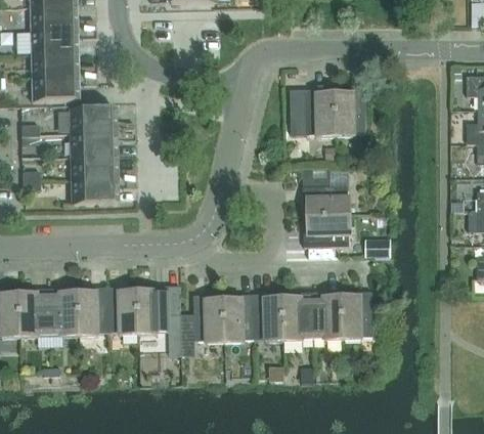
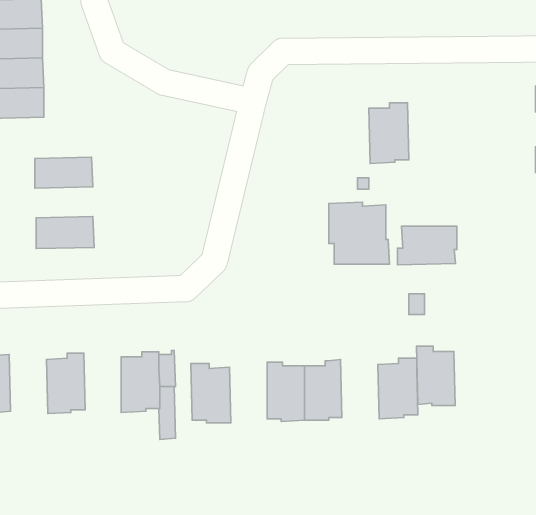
building: [290,88,336,136] -> none
building: [69,107,115,132] -> none
building: [70,155,116,179] -> none
building: [304,216,351,247] -> [398,226,457,265]
building: [108,287,138,334] -> none
building: [49,288,80,335] -> none
building: [312,292,343,339] -> [416,346,455,406]
building: [224,294,254,342] -> none

